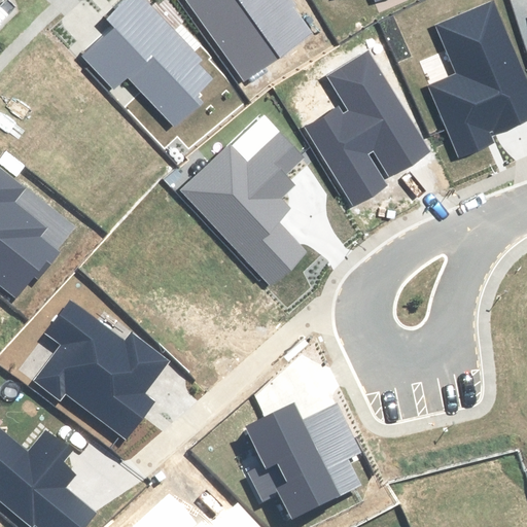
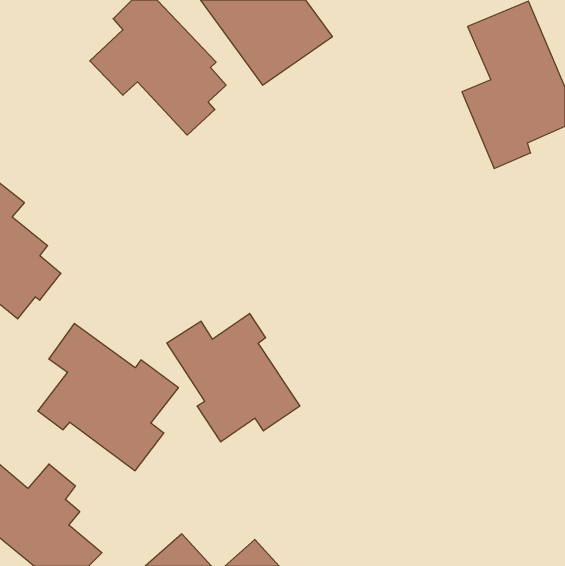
building: [305,52,428,205] -> none
building: [181,134,305,284] -> none
building: none -> [167,313,300,442]
building: [245,403,360,520] -> none

